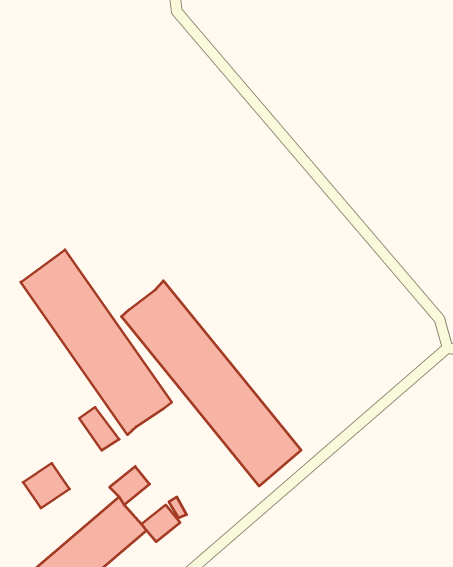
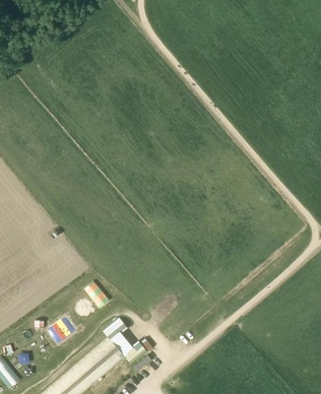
building: [21,250,172,435] -> none
building: [121,281,301,486] -> none

